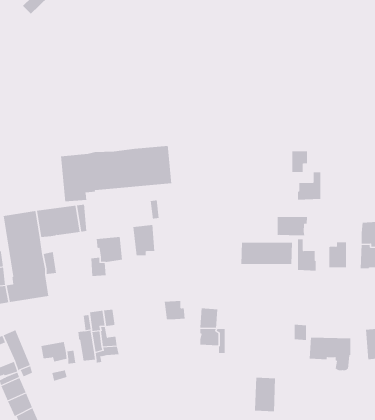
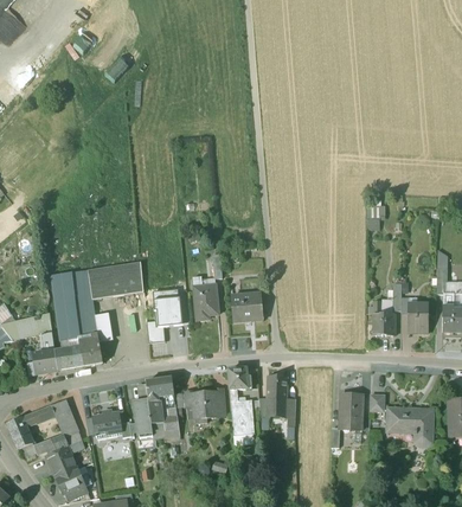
building: [61,145,172,202] -> none
building: [297,171,321,201] -> none
building: [277,216,307,236] -> none
building: none -> [231,293,262,321]
building: [241,242,292,265] -> none
building: none -> [230,389,255,435]
building: none -> [193,391,224,418]
building: [254,377,276,412] -> [339,392,362,430]

